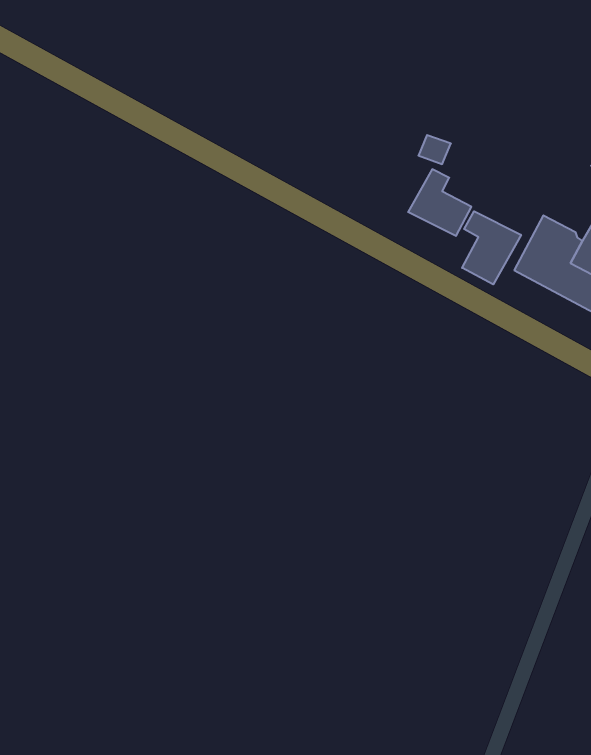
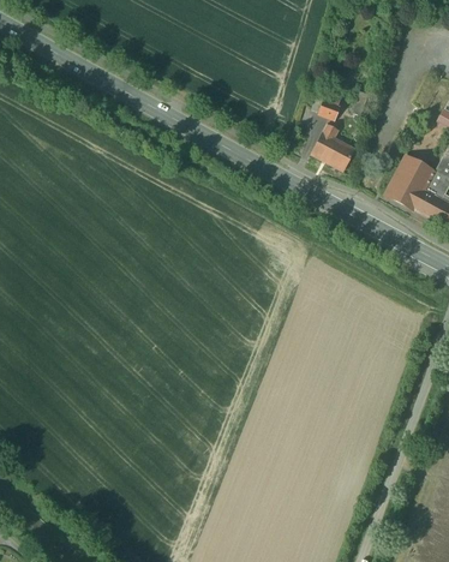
building: [462,211,521,284] -> none

